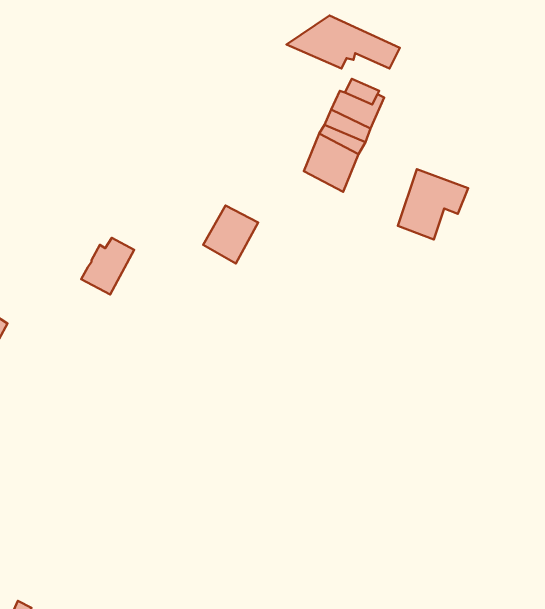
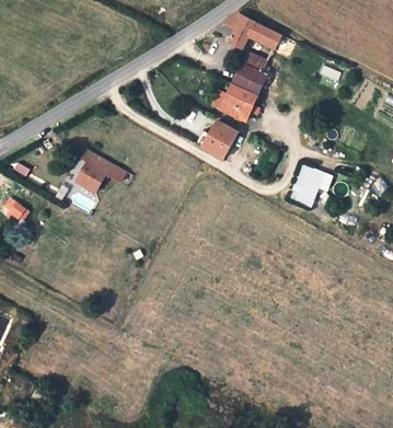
building: [398,169,468,239] -> [288,163,333,208]
building: [203,205,258,264] -> [203,120,238,158]

